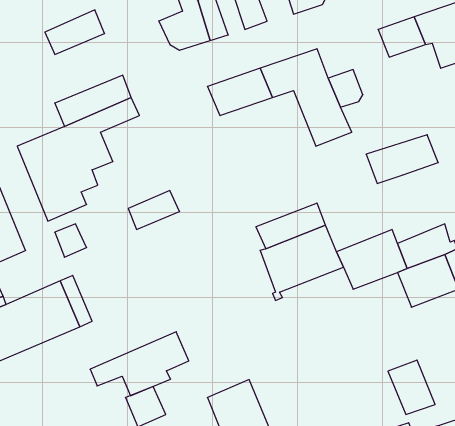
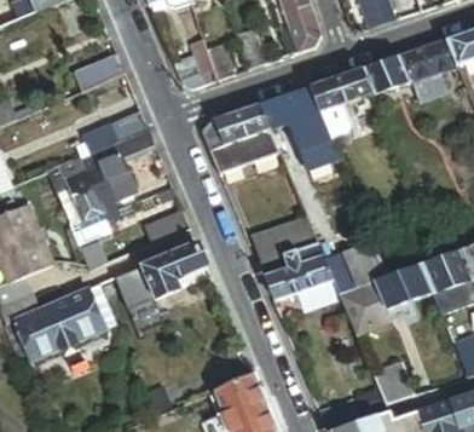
building: none -> [202,119,279,171]
building: [366,135,438,183] -> [310,69,372,111]
building: none -> [341,281,395,336]
building: [90,332,189,396] -> [120,241,206,296]

